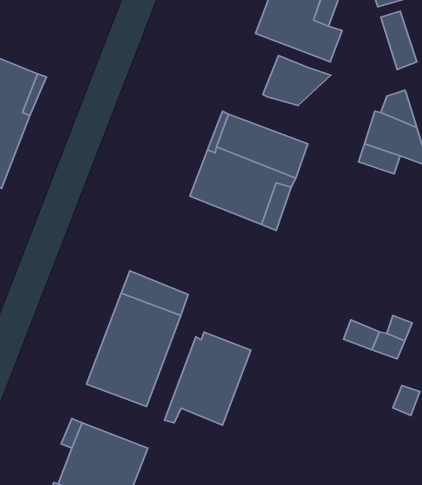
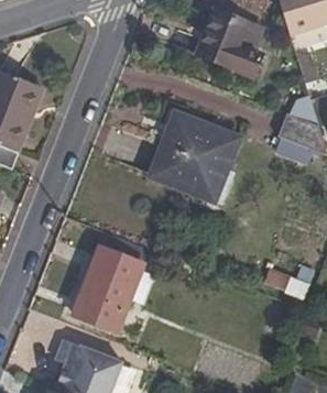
building: [263,55,331,106] -> none
building: [165,332,251,425] -> none

